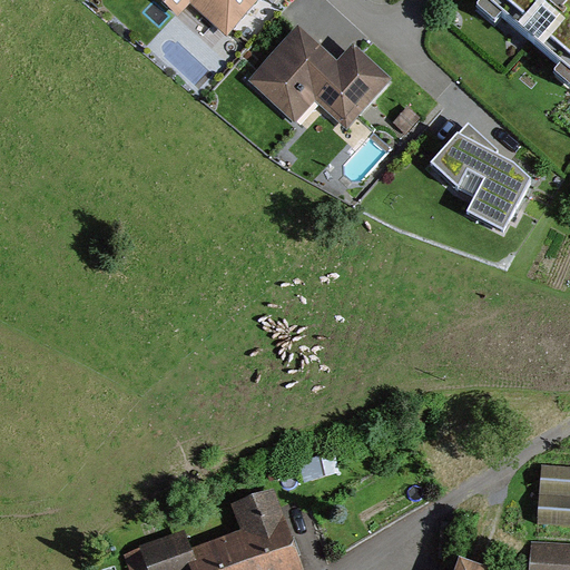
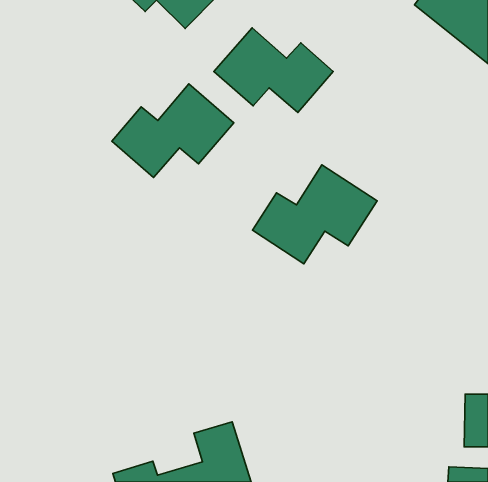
building: none -> [112,84,234,178]
building: [438,117,532,220] -> none
building: none -> [252,165,377,264]

